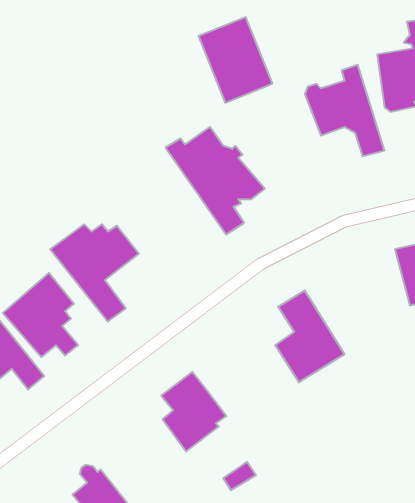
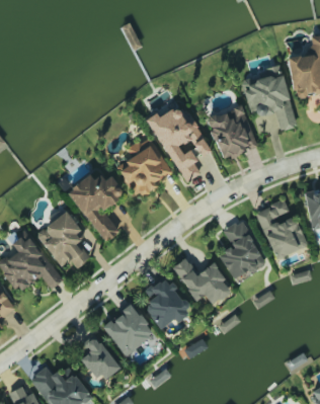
building: [198,17,272,103] -> [208,101,258,160]
building: none -> [119,140,169,195]
building: none -> [256,196,308,259]
building: none -> [170,255,232,308]
building: none -> [102,305,153,354]

